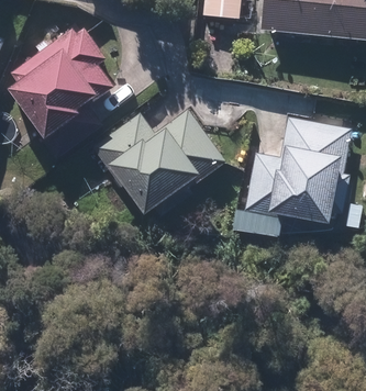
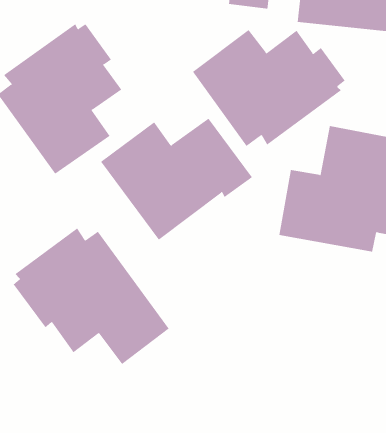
building: none -> [192,29,346,147]
building: none -> [13,227,169,365]

